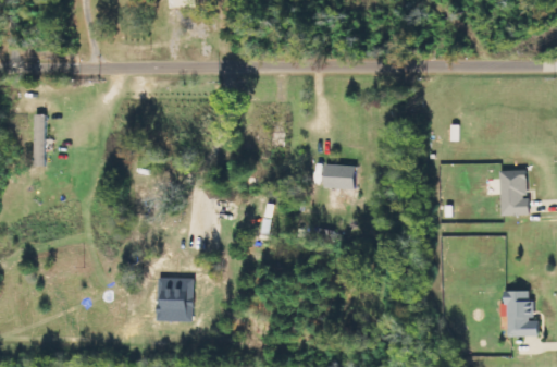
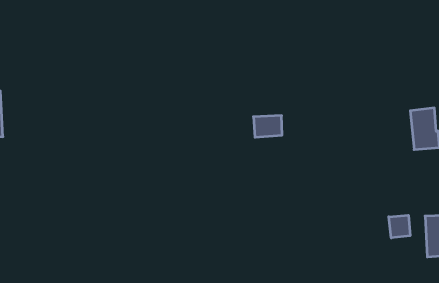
building: [157,278,194,321] -> none
building: none -> [389,215,410,238]

